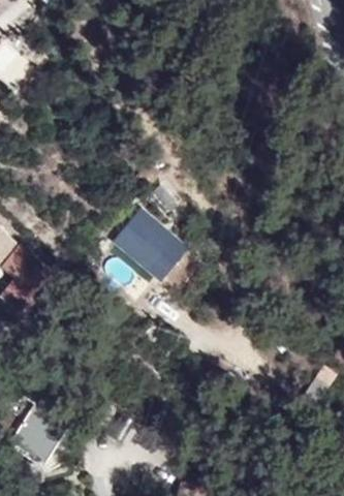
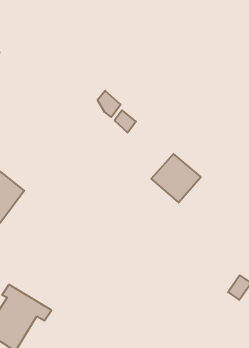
building: [120,210,180,269] -> [151,154,201,203]

